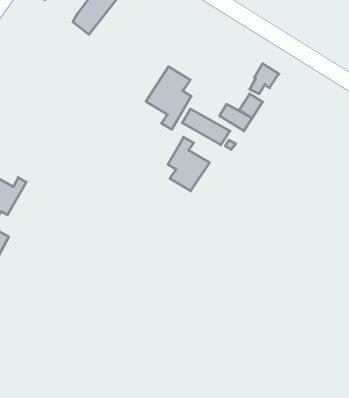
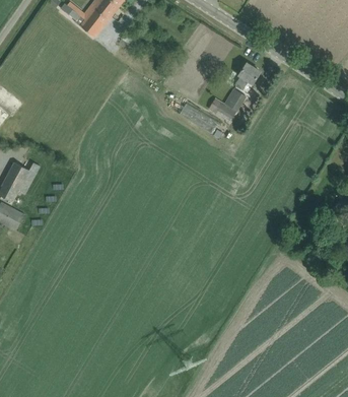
building: [146,67,191,129] -> none
building: [168,137,209,191] -> none

